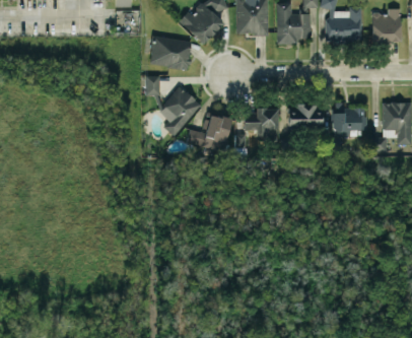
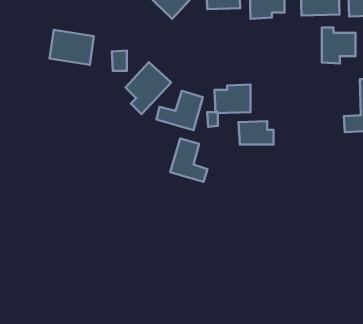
building: [149,36,192,69] -> [49,30,94,65]
building: [334,103,366,137] -> [322,27,356,63]
building: [288,104,322,126] -> [239,121,274,145]
building: none -> [170,138,208,182]

